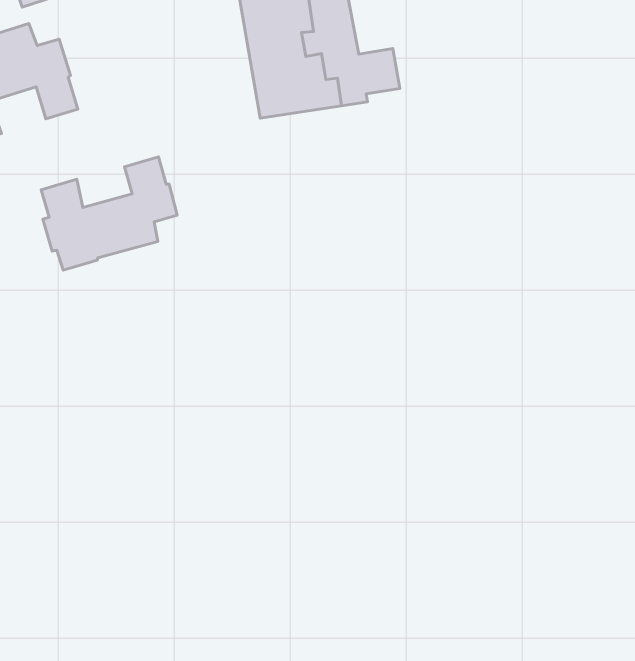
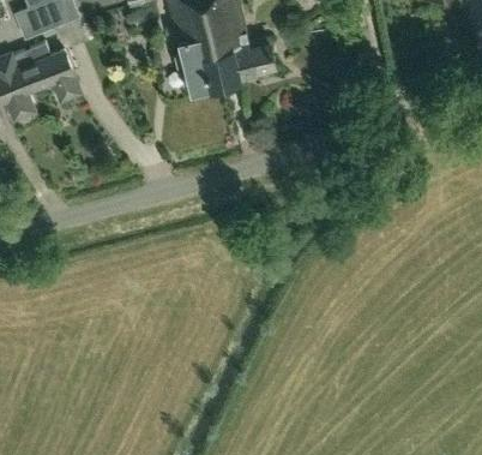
building: [41,157,177,270] -> none

